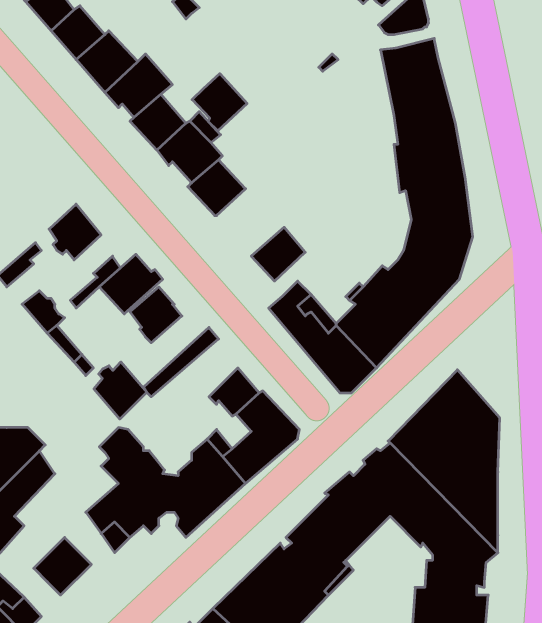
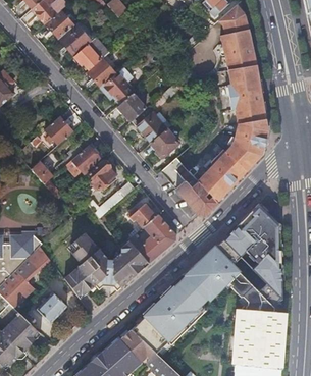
building: [192,74,247,131] -> none
building: none -> [134,108,169,144]
building: [94,362,147,419] -> none

